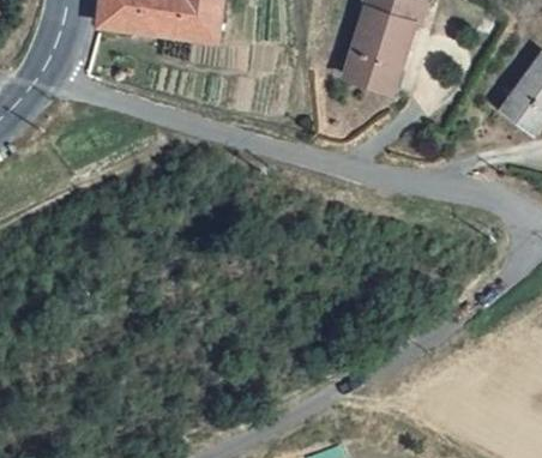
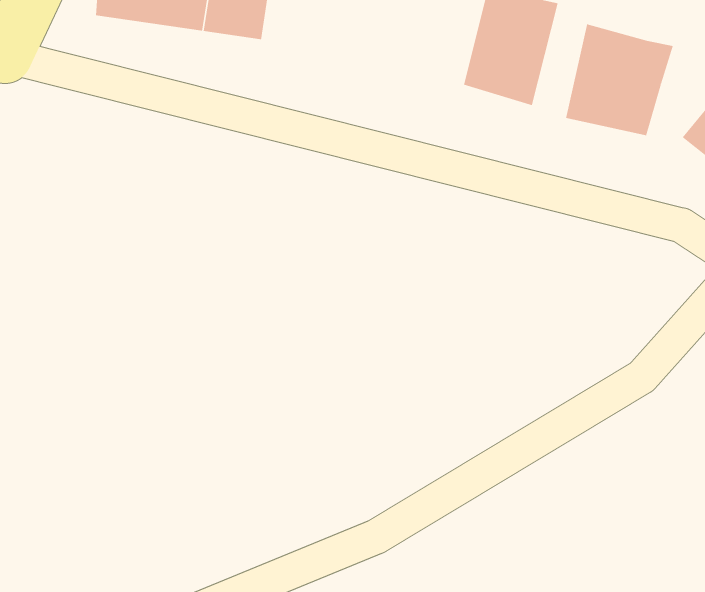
building: none -> [566,23,673,136]

